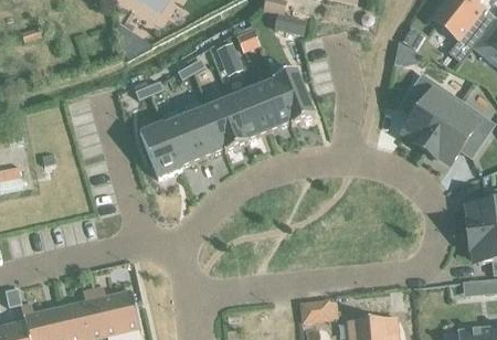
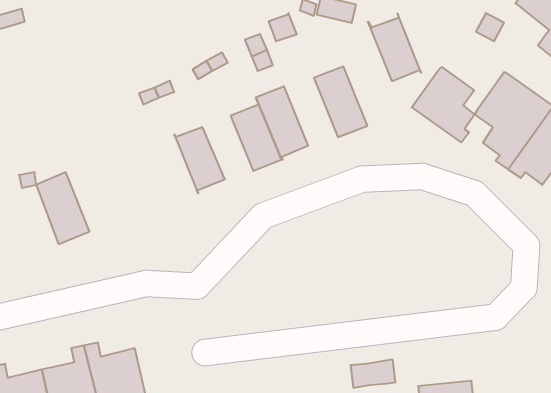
building: none -> [412,67,474,142]
building: [248,78,290,131] -> [368,14,421,81]
building: [184,108,224,158] -> none
building: [139,123,181,179] -> [36,172,90,244]

